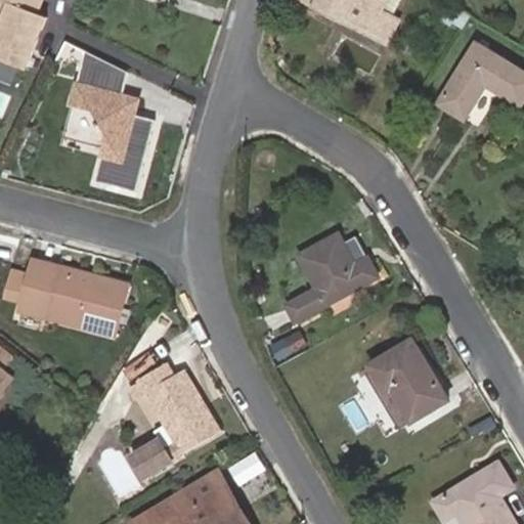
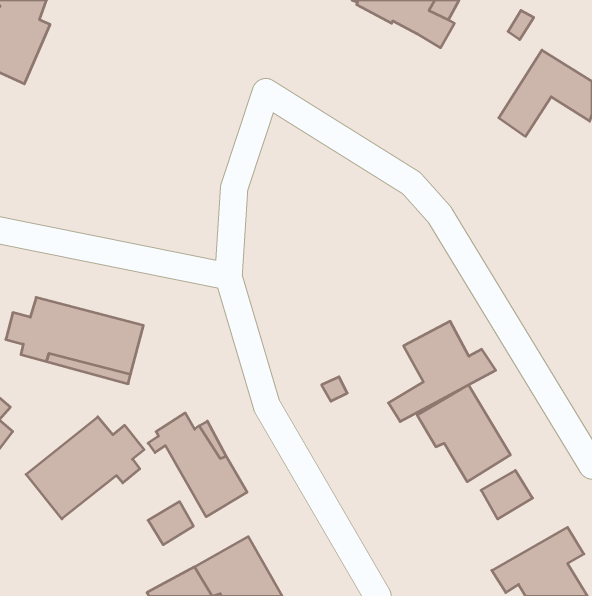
building: [64,52,149,192] -> none
building: [283,233,378,321] -> [388,321,496,422]
building: none -> [26,417,144,519]
building: none -> [481,470,533,519]

